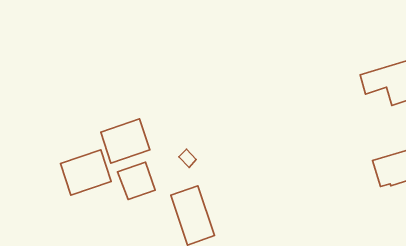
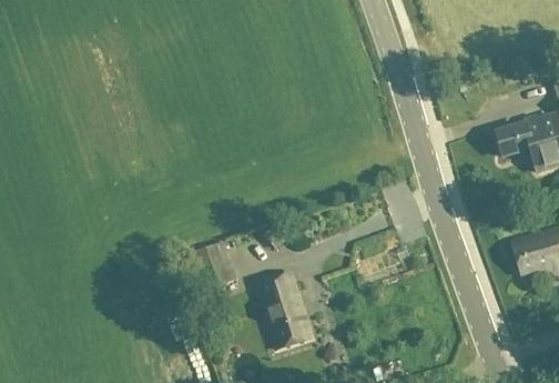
building: [101,119,150,163] -> none
building: [60,150,111,195] -> none

